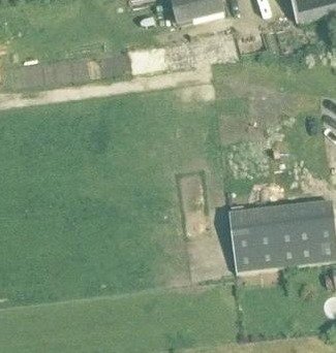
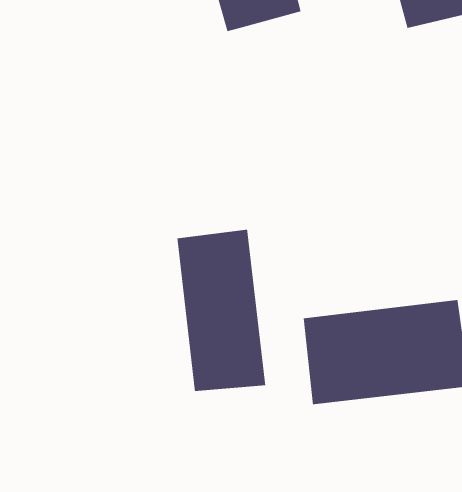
building: none -> [177,229,266,392]

